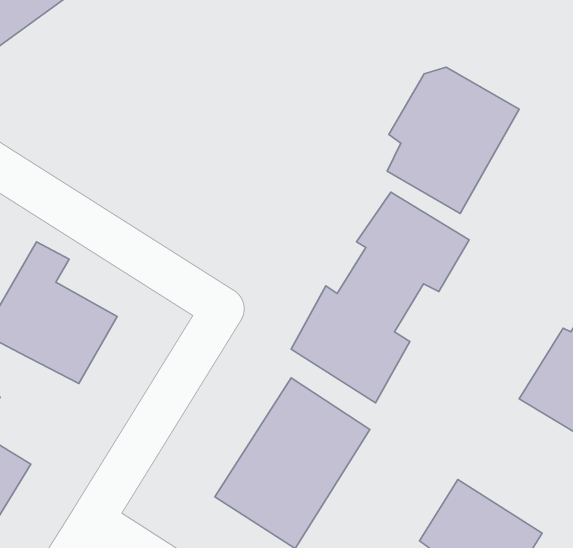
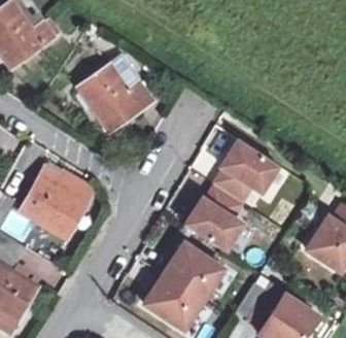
building: none -> [74,53,155,134]
building: [387,67,519,213] -> none

